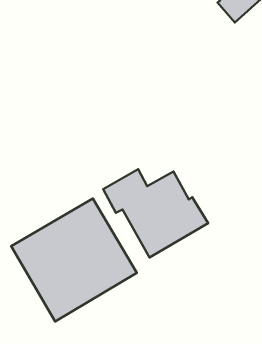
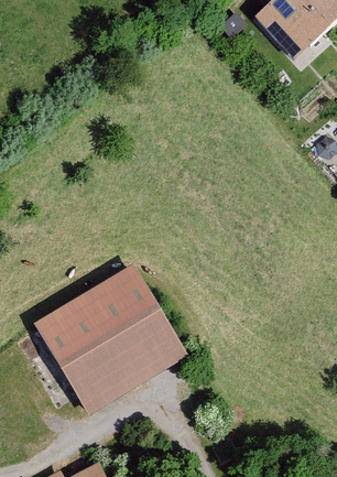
building: [103,169,208,257] -> none

